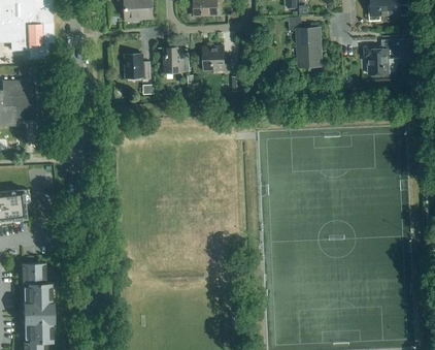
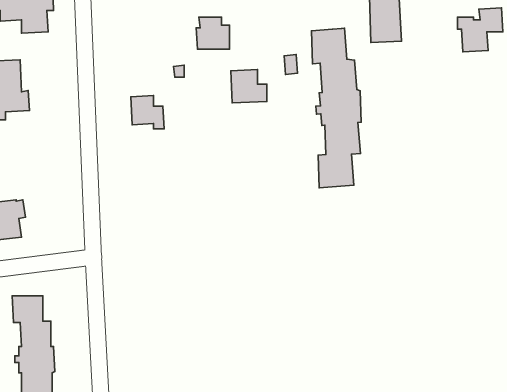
building: [202,45,230,71] -> [231,70,267,103]
building: [124,54,149,79] -> [131,95,164,129]
building: none -> [311,28,361,188]

